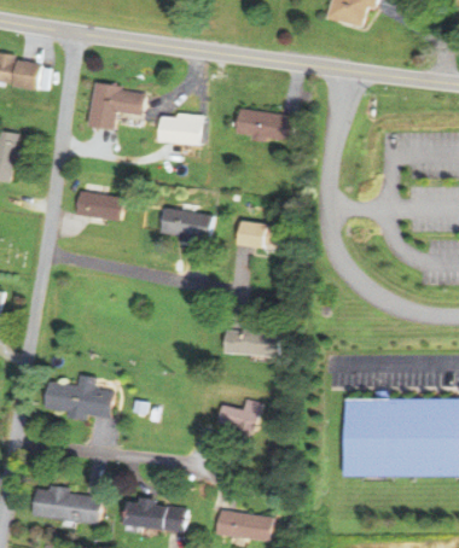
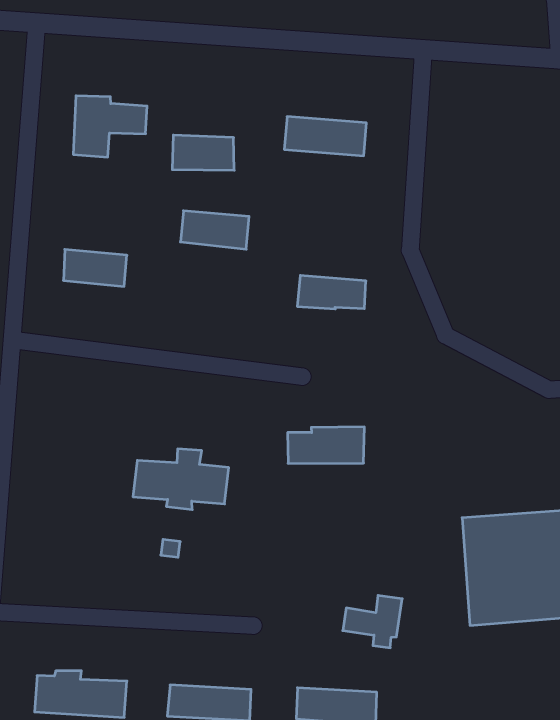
building: [162,209,211,239] -> [180,211,249,249]
building: [43,375,112,419] -> [133,449,229,510]
building: [217,398,261,436] -> [343,595,402,648]

